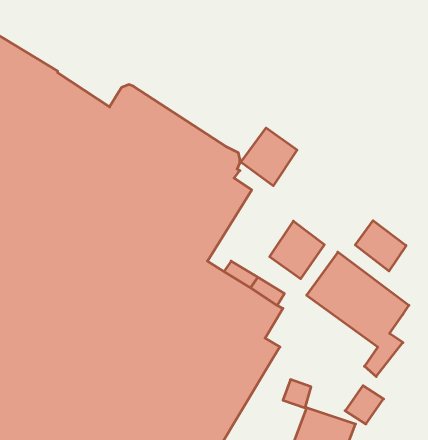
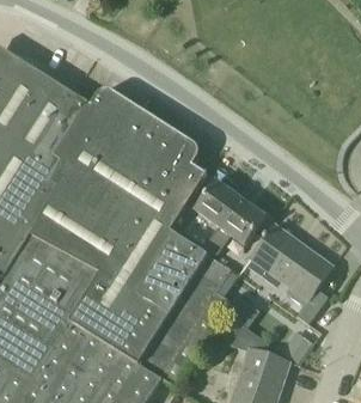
building: [241,128,297,186] -> [194,181,239,227]
building: [355,221,406,271] -> none

